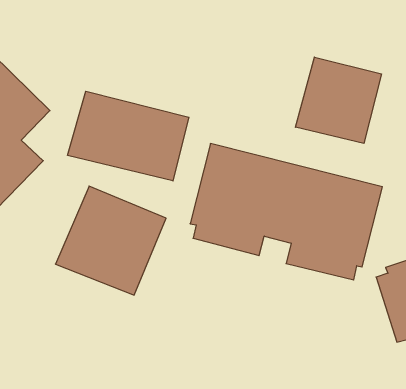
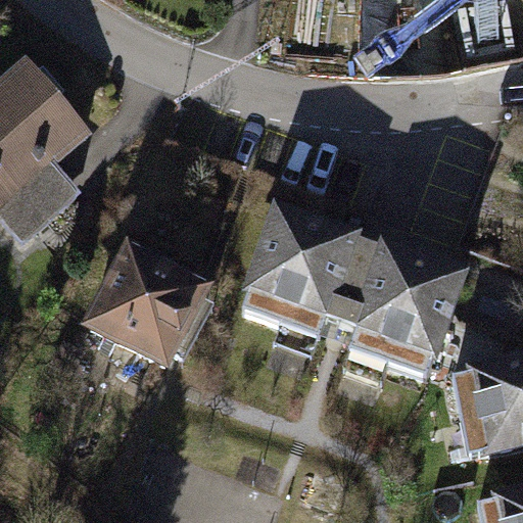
building: [295,57,381,143] -> none
building: [68,91,189,181] -> none

